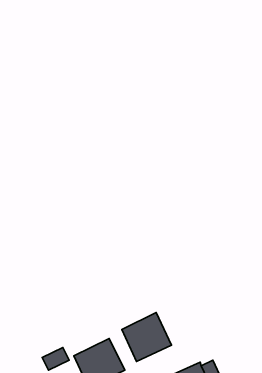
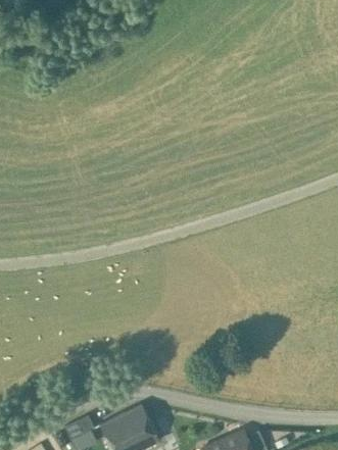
building: [122,313,172,362] -> none

